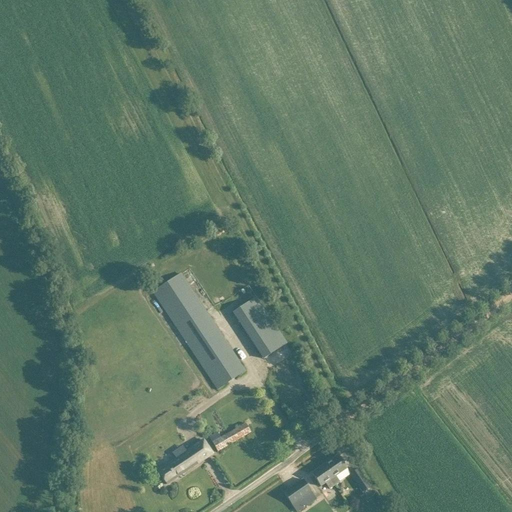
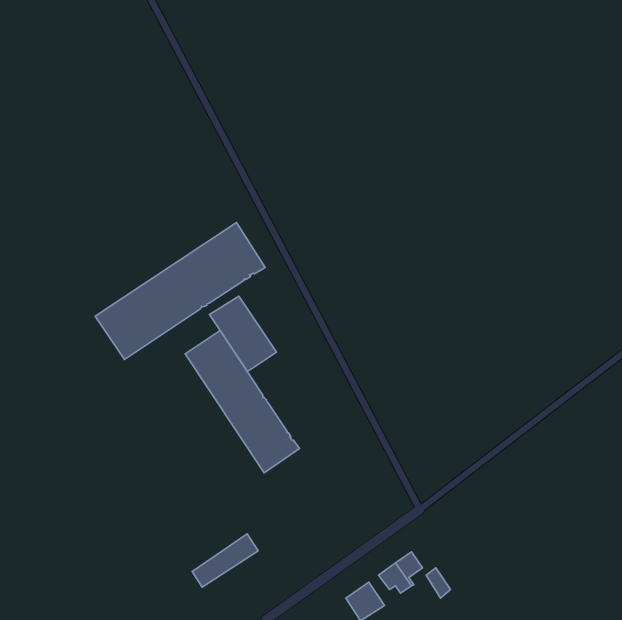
building: none -> [95,222,265,360]
building: [232,296,287,358] -> [210,296,277,372]
building: [209,422,251,451] -> none

